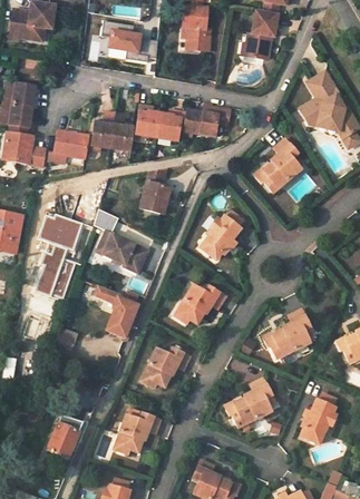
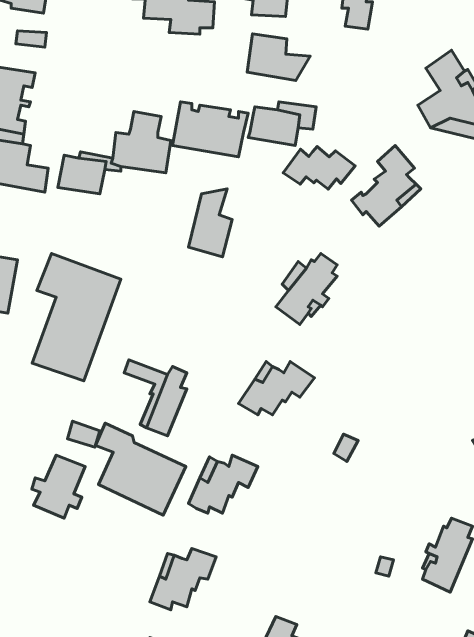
building: none -> [247,34,310,81]
building: none -> [283,146,355,189]
building: [91,208,154,272] -> [95,423,186,515]
building: [263,312,314,360] -> none
building: [226,379,278,429] -> none
building: [46,413,82,457] -> [32,455,85,518]

